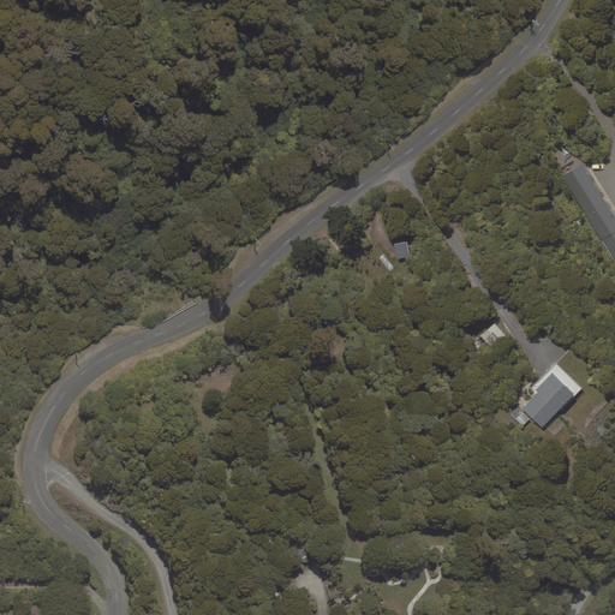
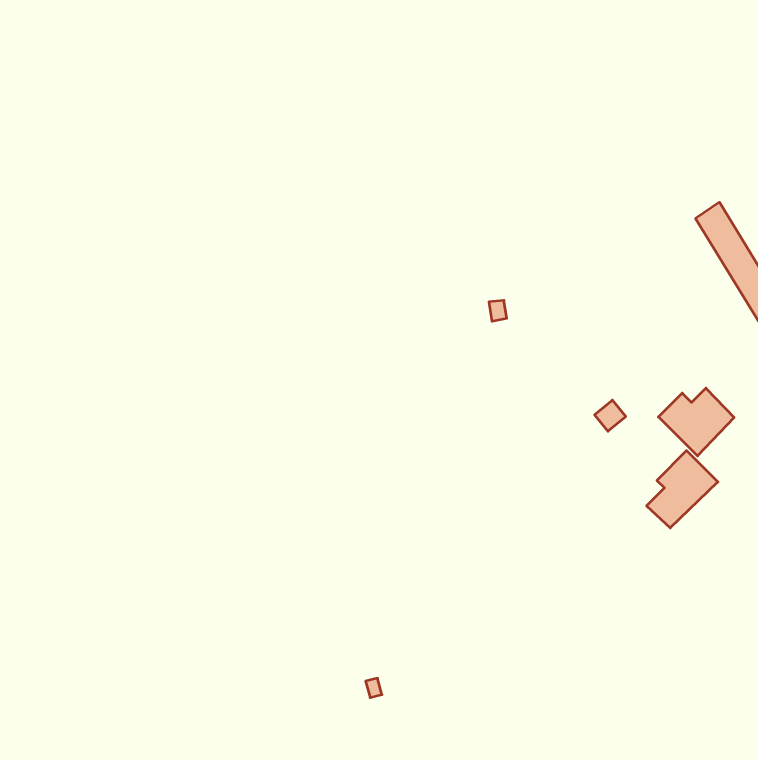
building: none -> [658,388,734,456]

